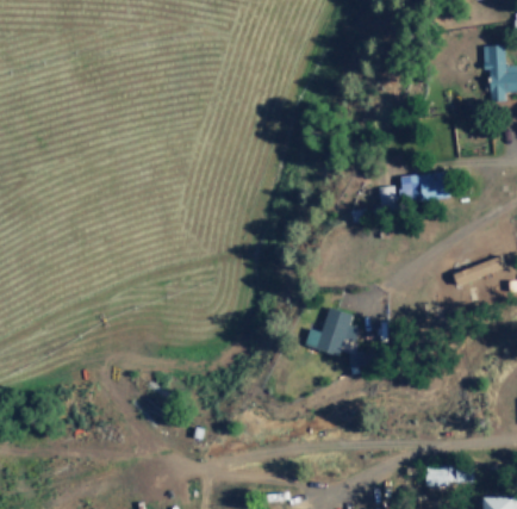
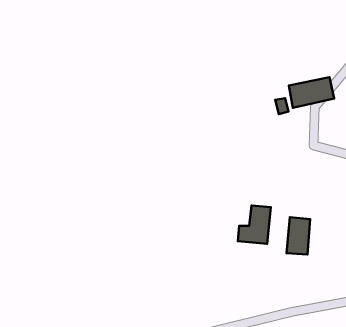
building: none -> [286,217,310,254]

